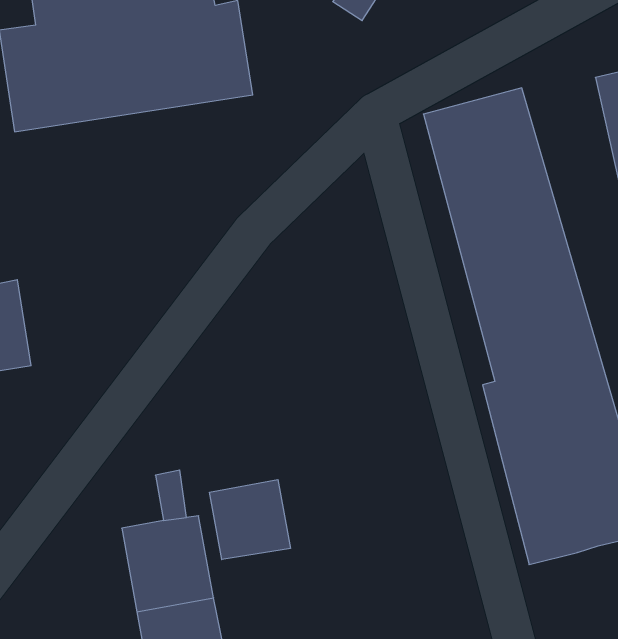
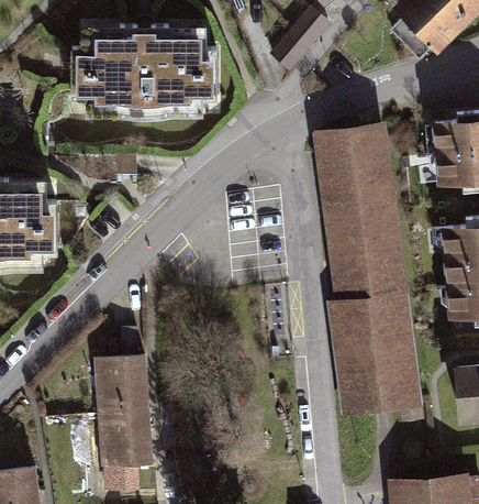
building: [210,480,290,560] -> none

